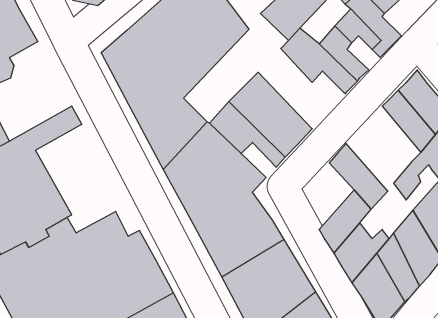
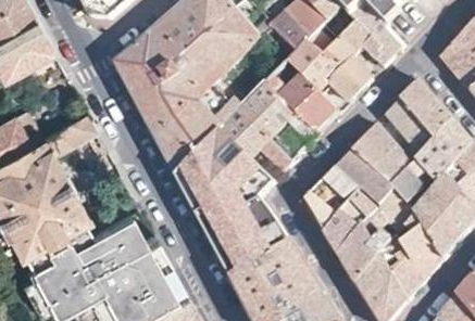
building: none -> [264,68,337,131]
building: none -> [349,119,412,191]
building: none -> [302,164,357,228]

